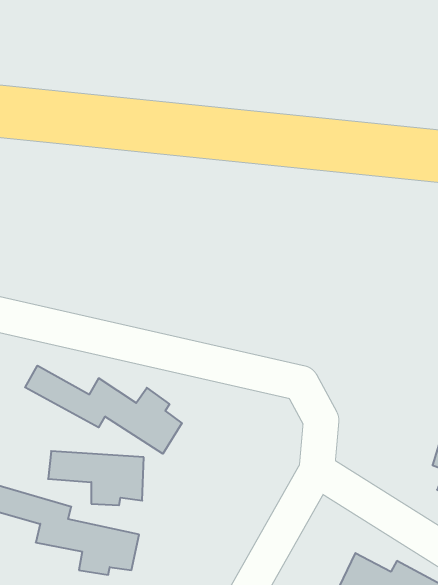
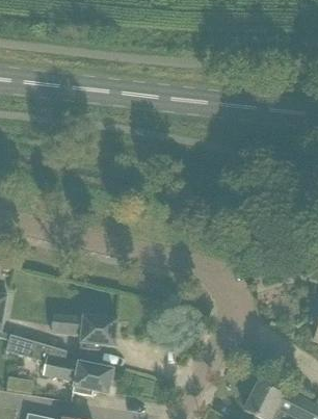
building: [25,366,182,454] -> none

